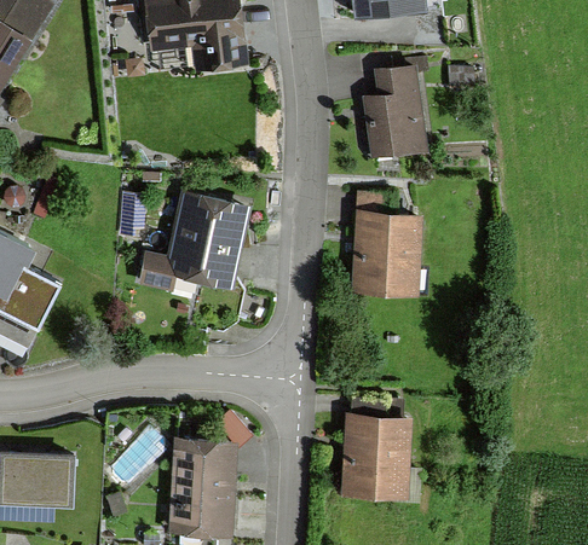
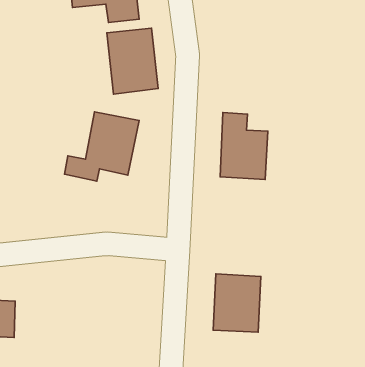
building: [368,65,423,157] -> none
building: none -> [107,28,158,94]
building: [172,441,235,534] -> none

